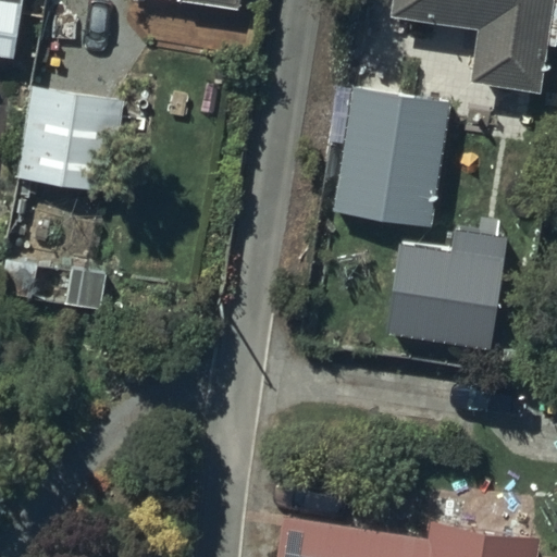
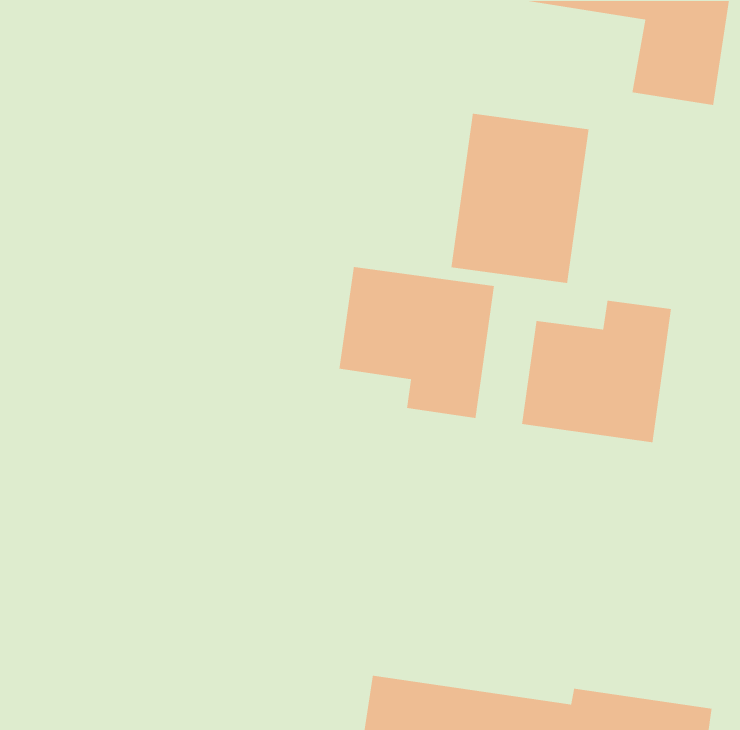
building: [12,86,125,195] -> none
building: none -> [339,266,495,419]

